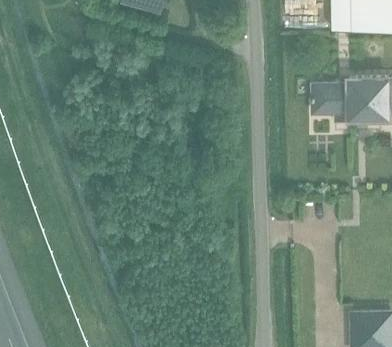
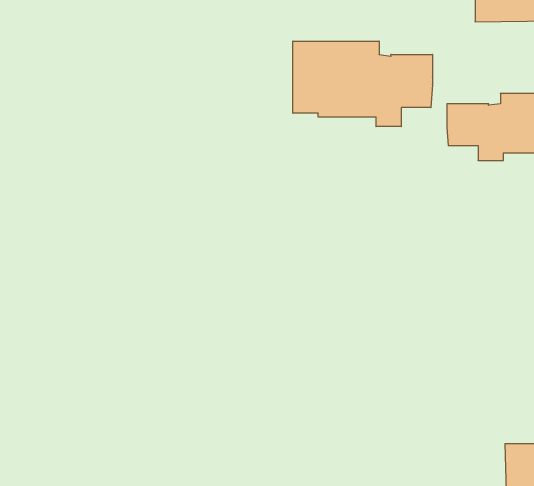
building: none -> [293,41,432,127]

